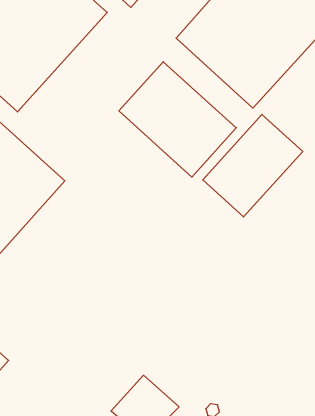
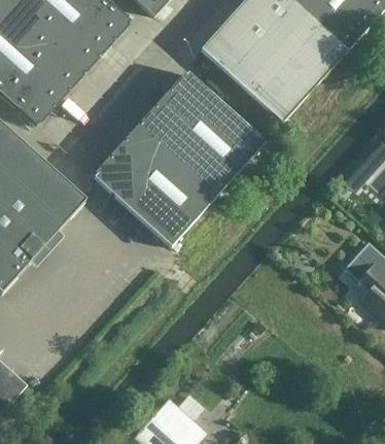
building: none -> [94,124,217,245]
building: [203,114,303,217] -> none

